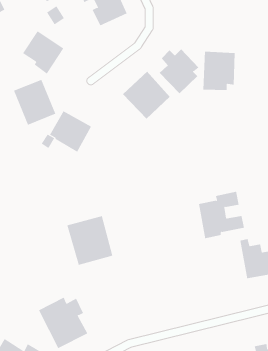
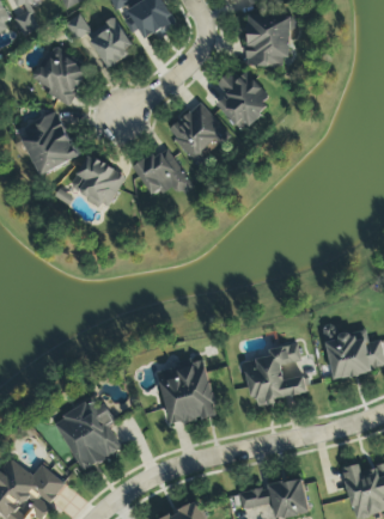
building: none -> [86,18,135,67]
building: [202,51,236,91] -> [246,13,291,66]
building: none -> [133,146,194,196]
building: [198,191,245,239] -> [245,343,307,407]
building: [67,215,113,266] -> [156,359,218,426]

